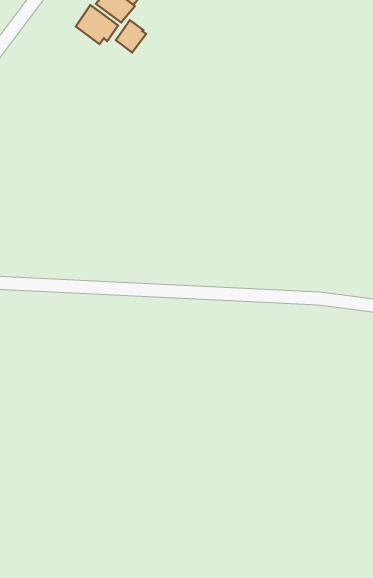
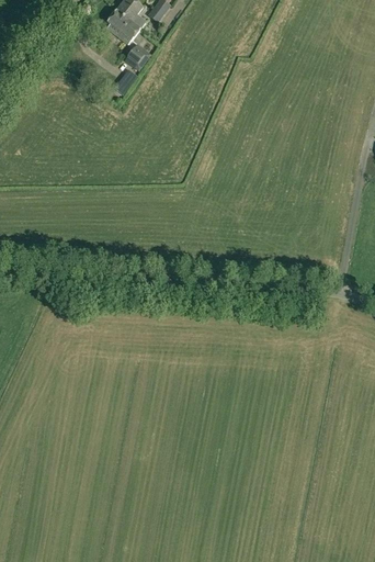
building: [76,5,118,44] -> none

